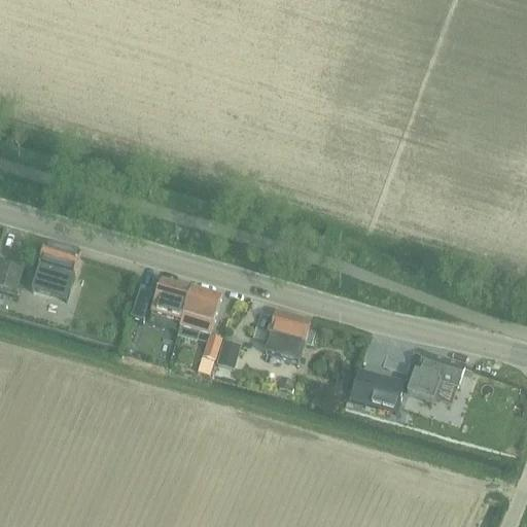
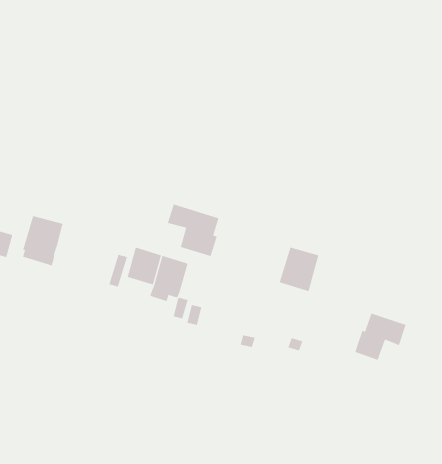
building: none -> [167,203,219,257]
building: [262,312,308,362] -> [279,247,319,292]
building: [352,374,399,408] -> none

